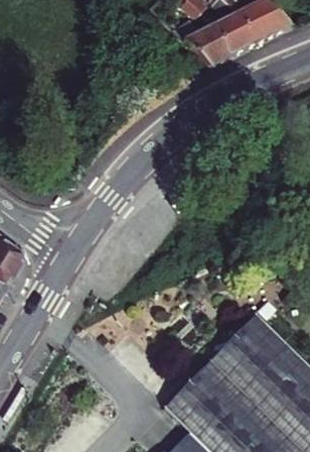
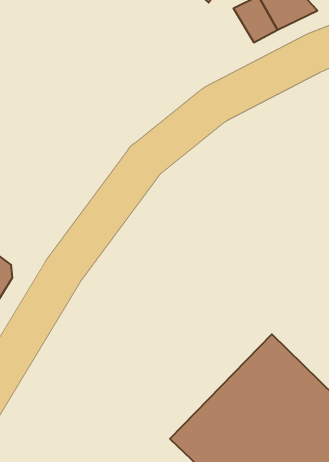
building: [185,23,237,66] -> none

